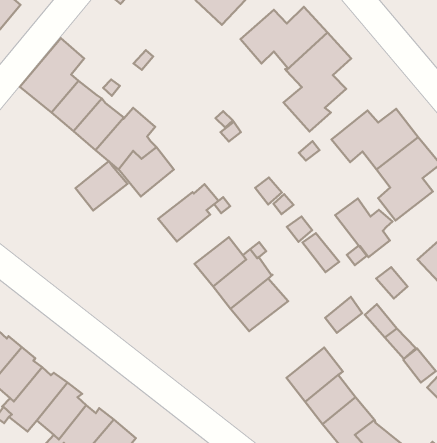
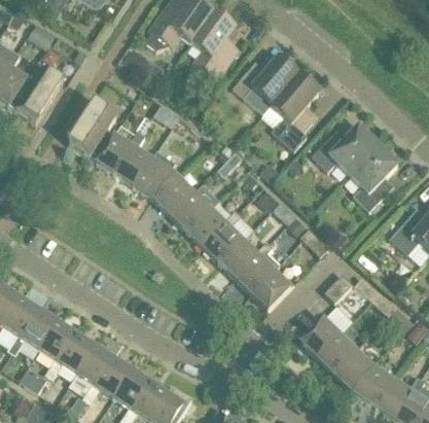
building: [76,161,127,210] -> [172,193,211,233]
building: [335,199,392,257] -> none
building: none -> [204,224,243,263]

